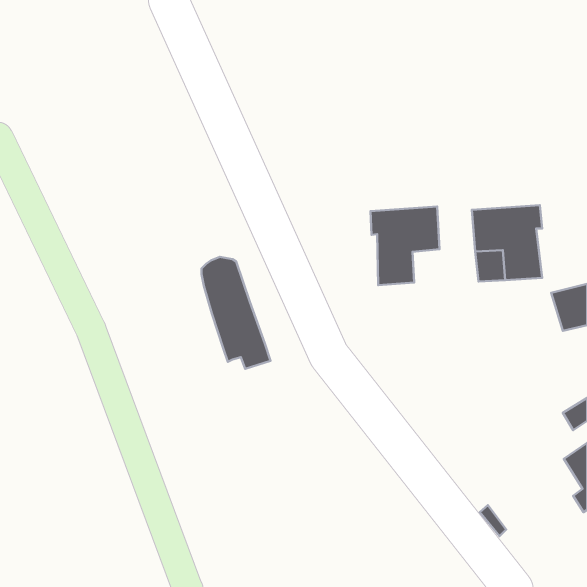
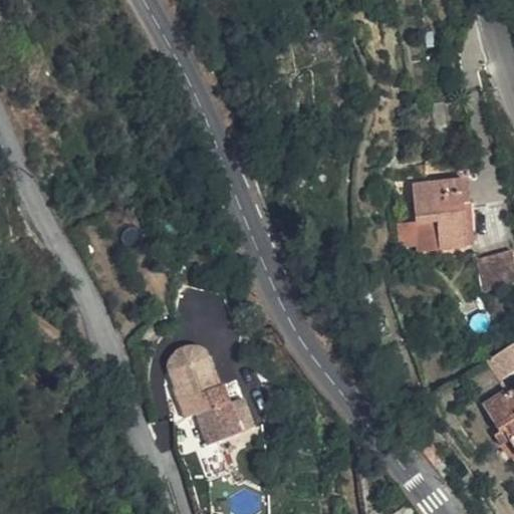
building: [371,207,439,285] -> none
building: [201,257,271,369] -> [176,344,236,442]

